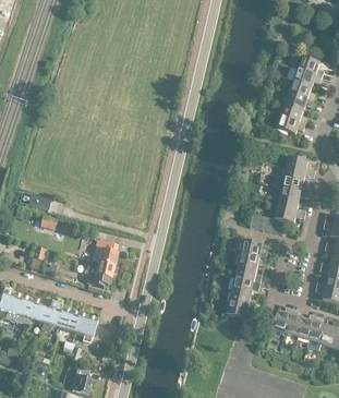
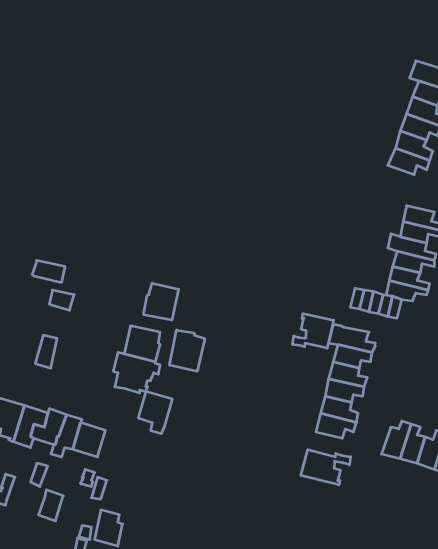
building: none -> [144,283,179,320]
building: none -> [293,314,334,348]
building: none -> [170,330,205,371]
building: [73,312,97,341] -> [138,391,172,434]
building: none -> [301,450,351,485]

